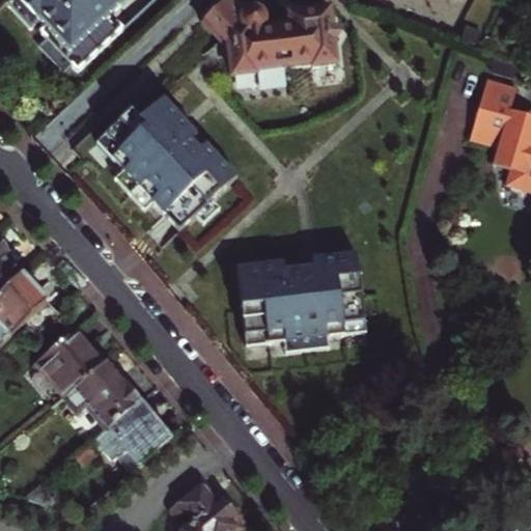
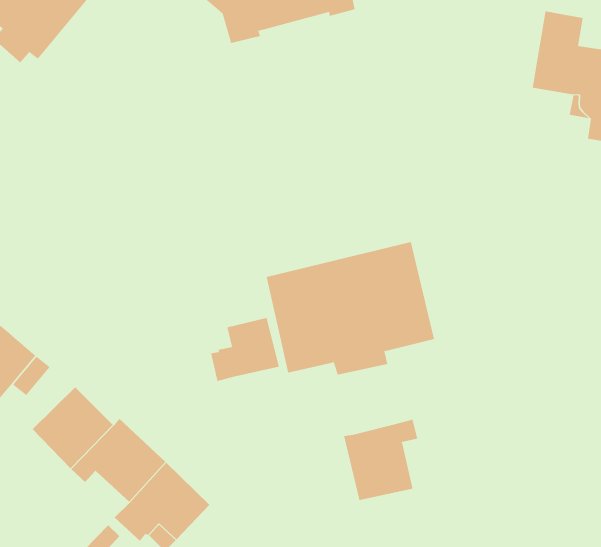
building: [96,92,236,224] -> none
building: none -> [211,317,280,382]
building: none -> [344,419,418,501]

